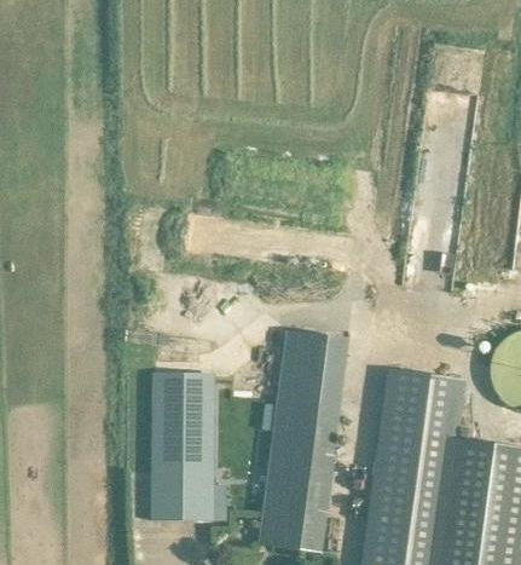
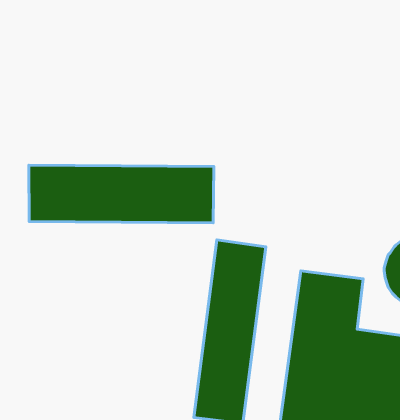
building: none -> [29,165,214,223]
building: [152,375,225,523] -> none

